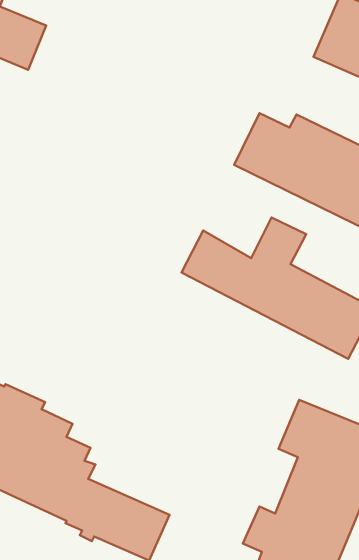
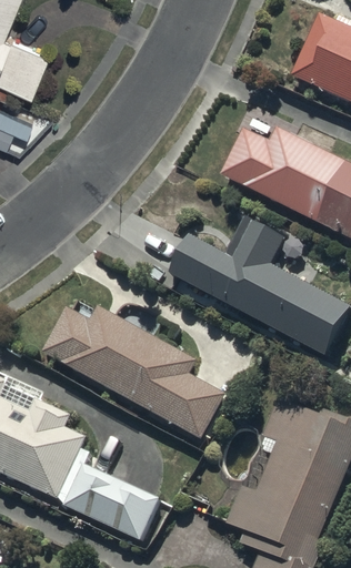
building: none -> [46,307,224,437]

